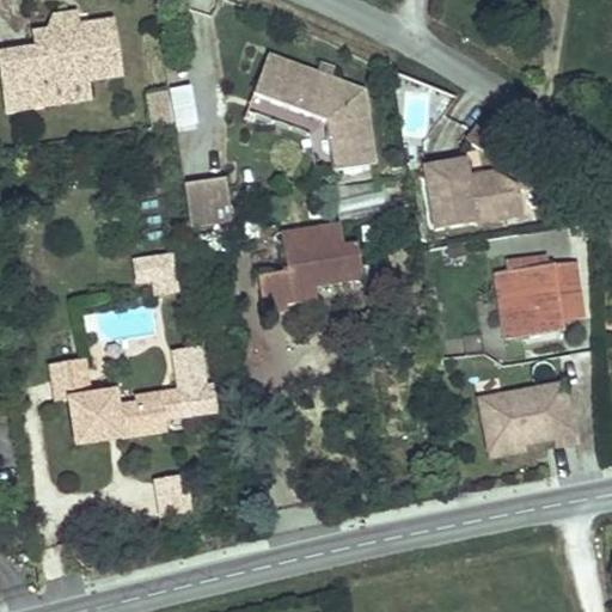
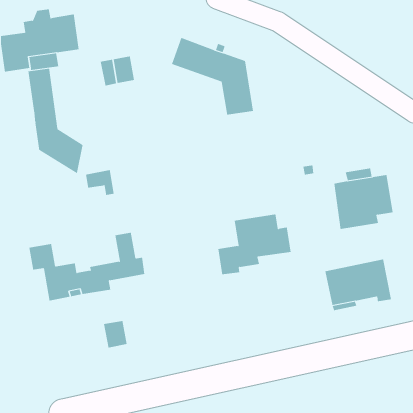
building: none -> [28,68,83,174]
building: [429,155,528,226] -> none
building: [184,176,232,226] -> none
building: [256,225,365,314] -> [218,214,291,275]

